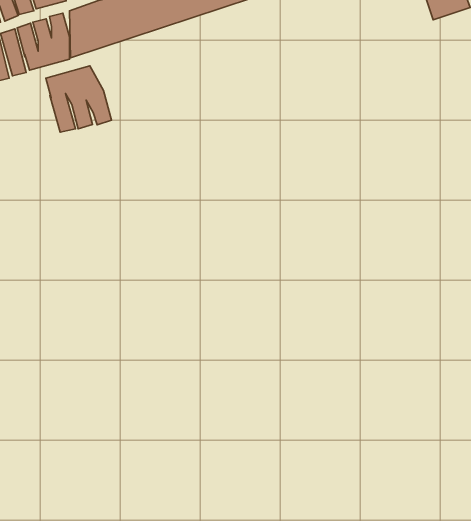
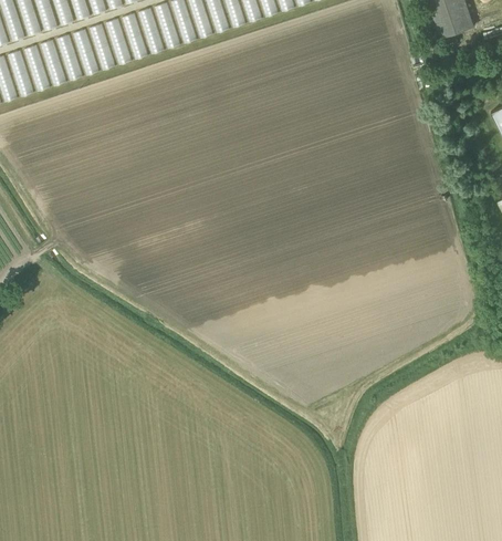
building: [46,66,112,132] -> none

